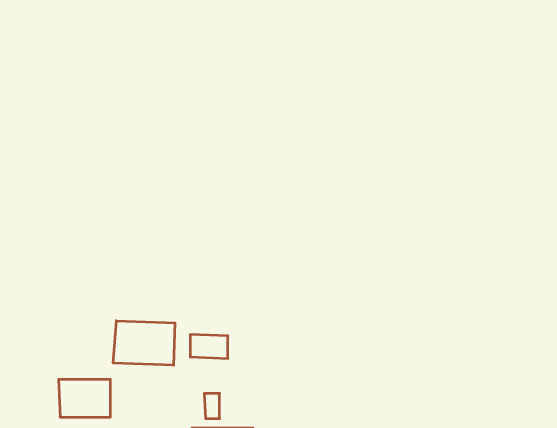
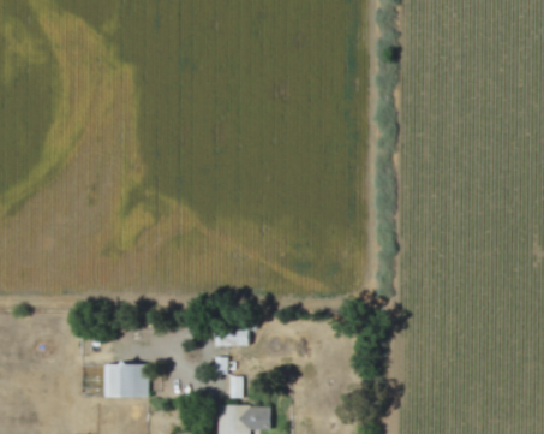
building: [113,321,175,365] -> none

